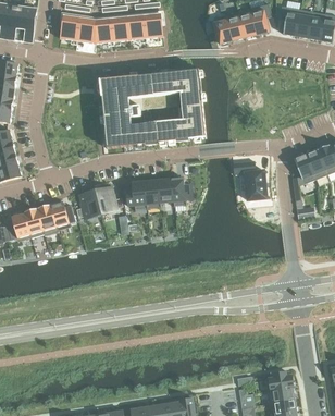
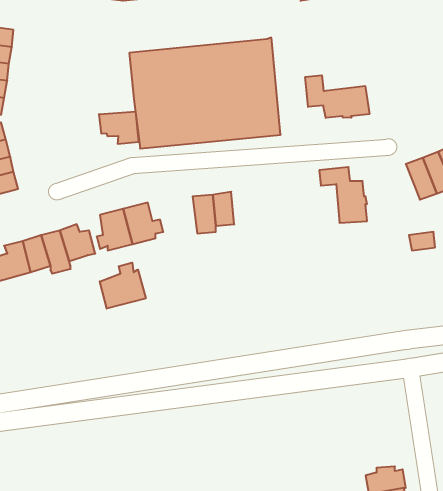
building: none -> [305,75,369,118]
building: none -> [99,112,138,144]
building: [171,176,191,205] -> none
building: [125,181,147,208] -> none
building: none -> [100,263,146,309]

